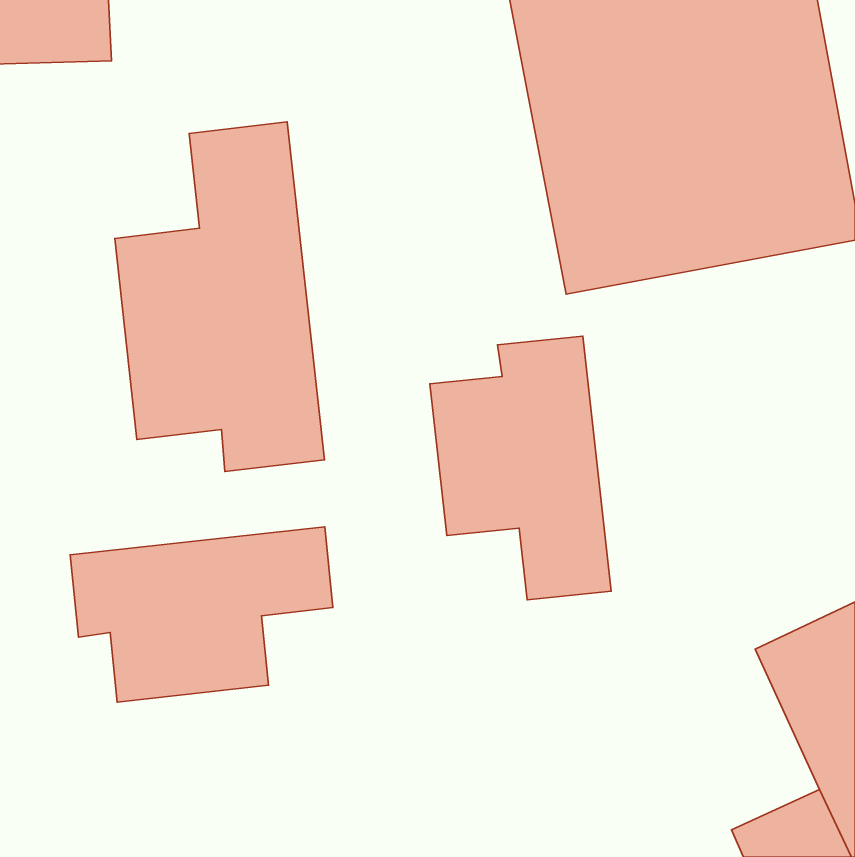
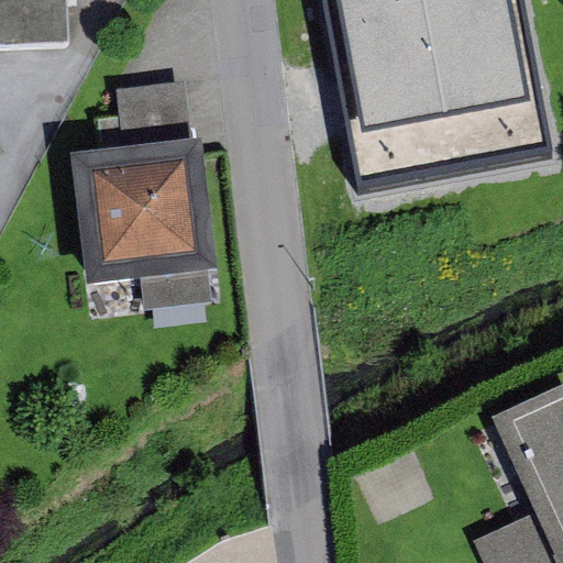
building: [430,336,611,600] -> none
building: [70,527,333,702] -> none

